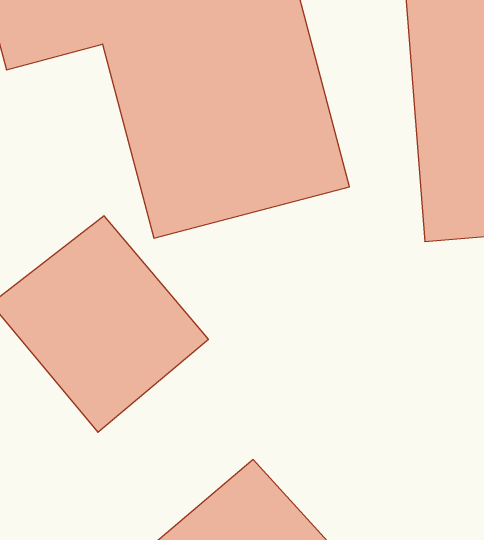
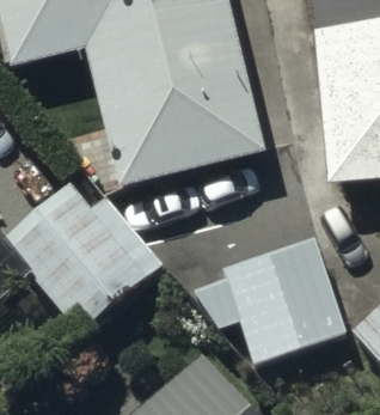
building: none -> [201,245,349,362]

